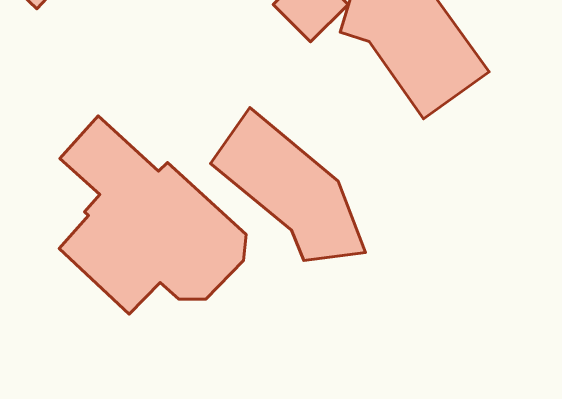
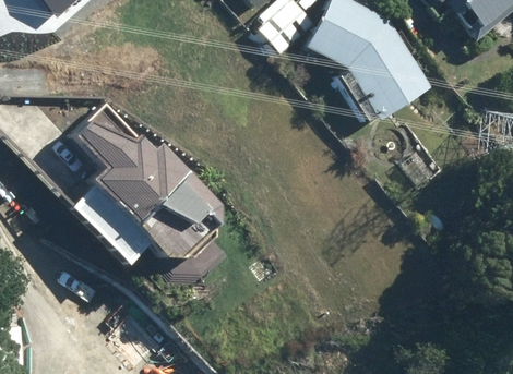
building: [210,107,365,260] -> none

